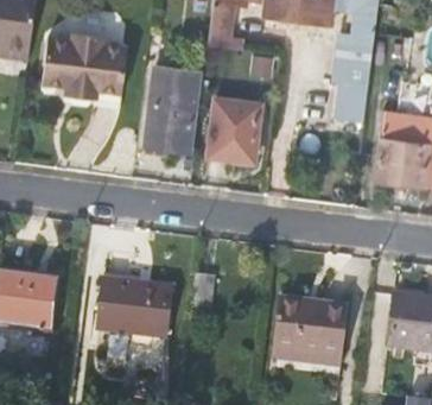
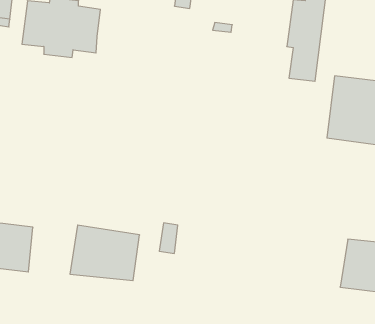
building: [142,64,201,151] -> none
building: [210,100,262,160] -> none
building: [271,297,349,367] -> none

